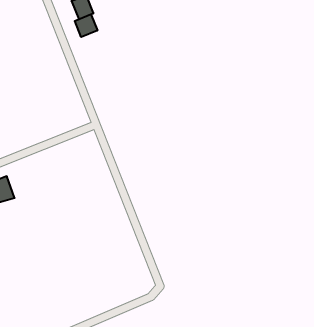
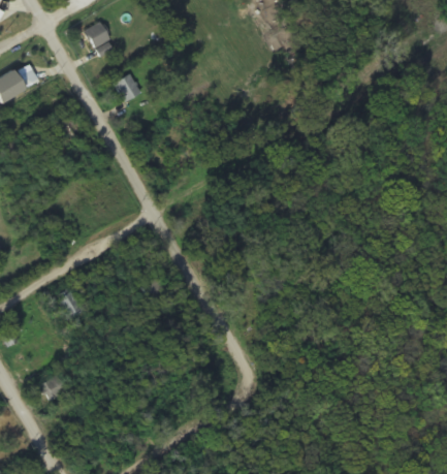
building: [75,14,97,37] -> none

